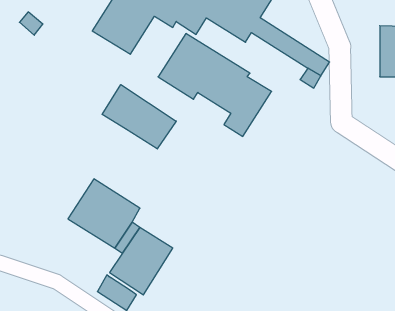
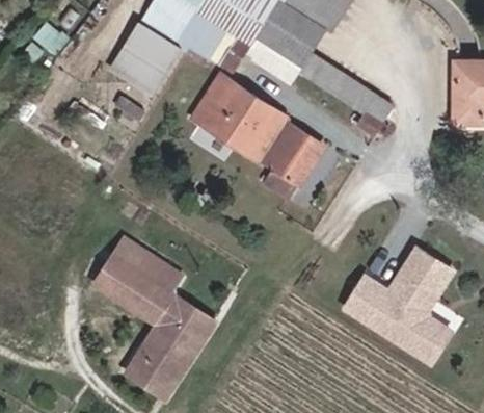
building: [102,85,176,149] -> none
building: none -> [343,249,450,363]

